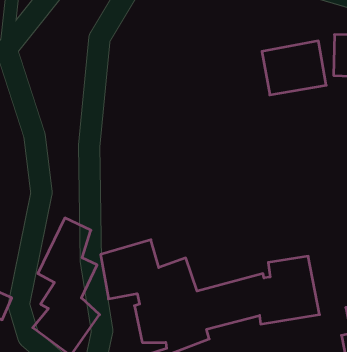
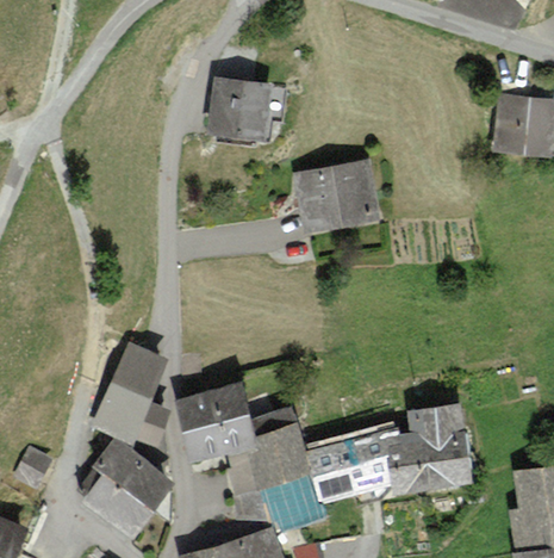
building: none -> [210,76,275,140]
building: [262,41,326,95] -> [293,160,381,234]

